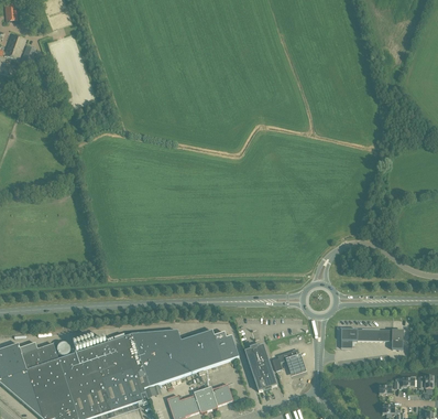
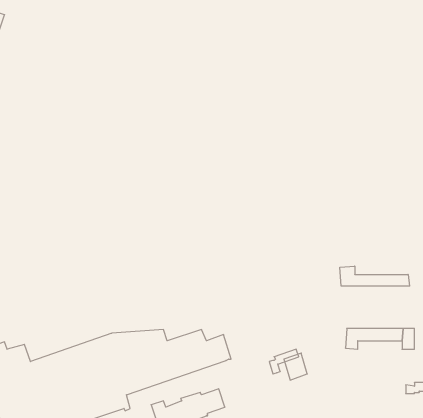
building: none -> [340,266,410,286]
building: [244,344,276,390] -> none

